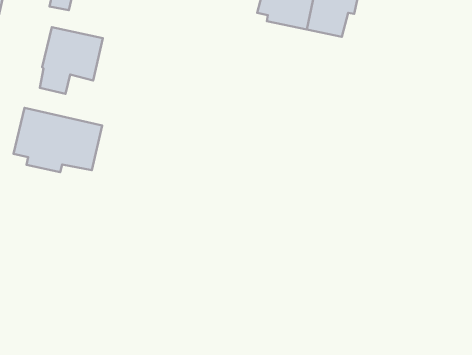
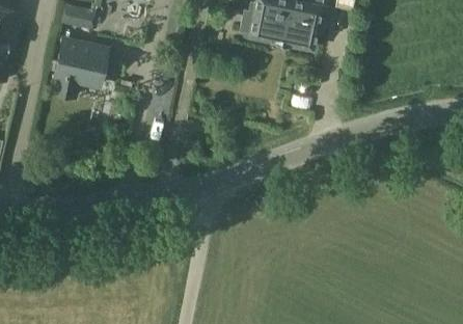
building: [14,108,102,172] -> none

